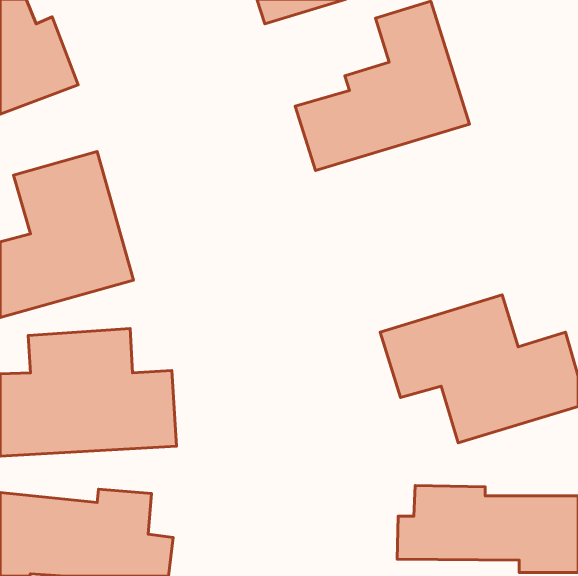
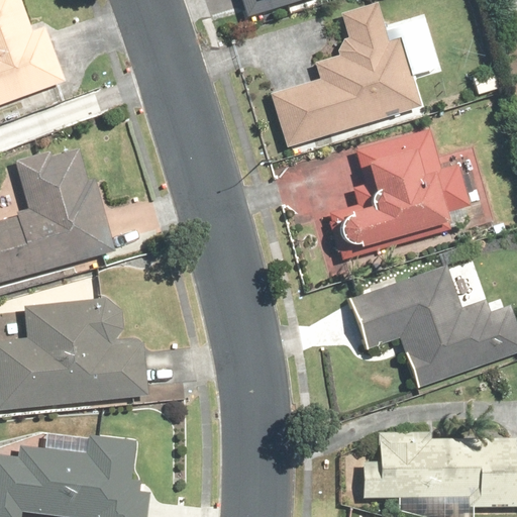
building: none -> [322,131,464,265]

